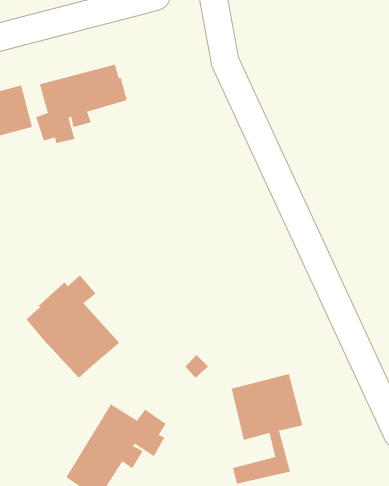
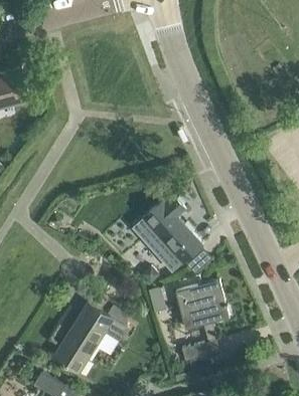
building: [36,64,127,144] -> none
building: [26,274,120,378] -> [133,195,202,271]

